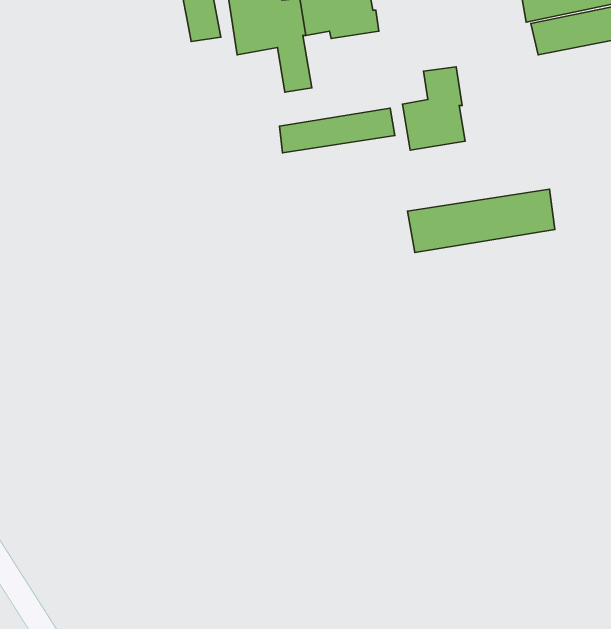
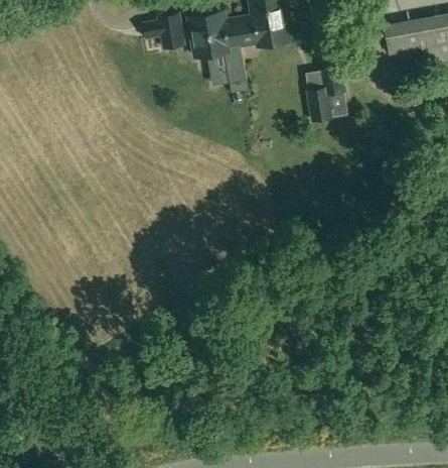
building: [279,108,395,153] -> none
building: [408,189,555,252] -> none

